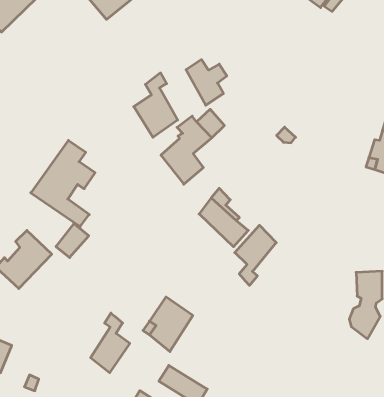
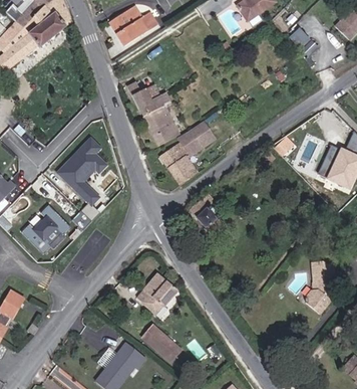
building: [186,60,227,105] -> [130,76,162,114]
building: [235,225,276,285] -> none
building: [91,313,130,373] -> none

